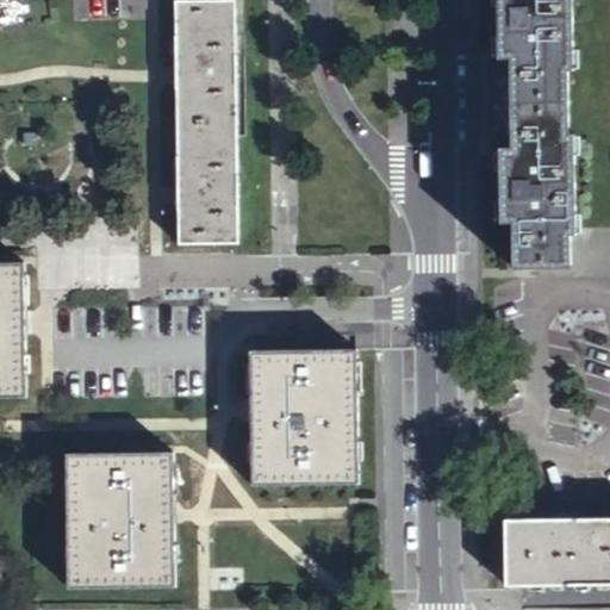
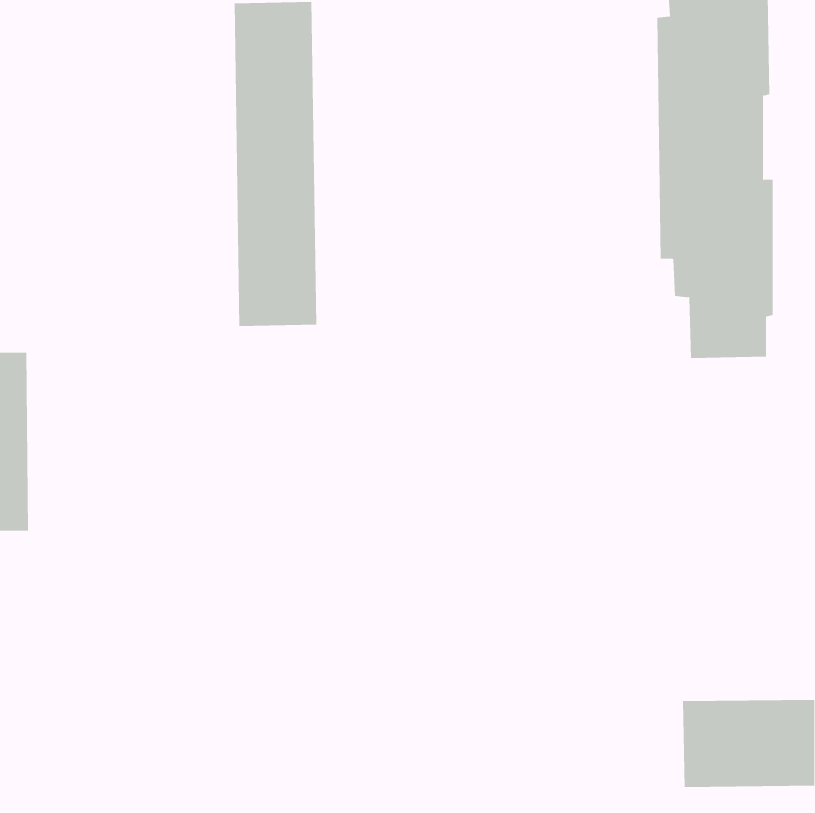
building: [250,348,357,483] -> none
building: [67,452,175,585] -> none

